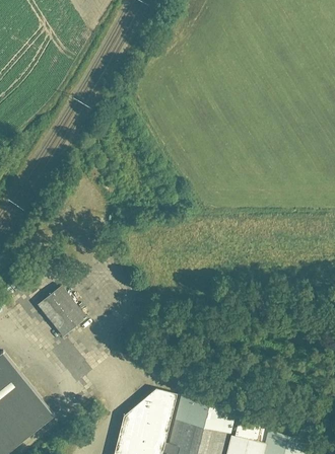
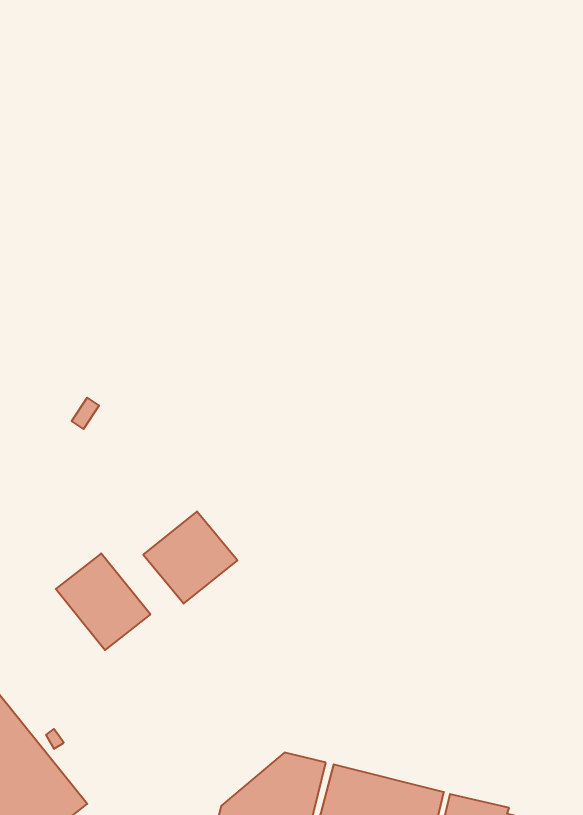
building: none -> [143,511,237,604]

